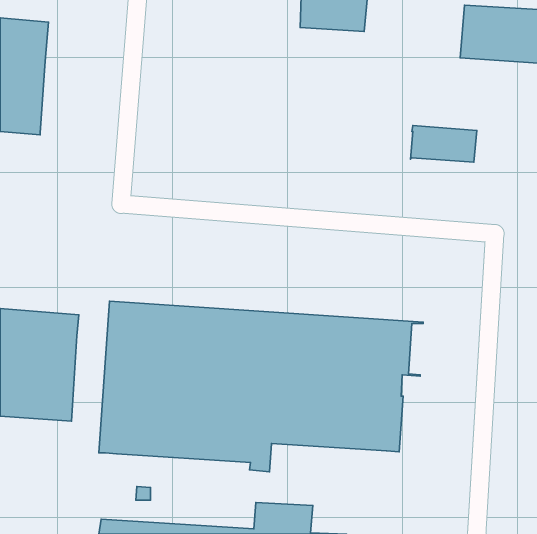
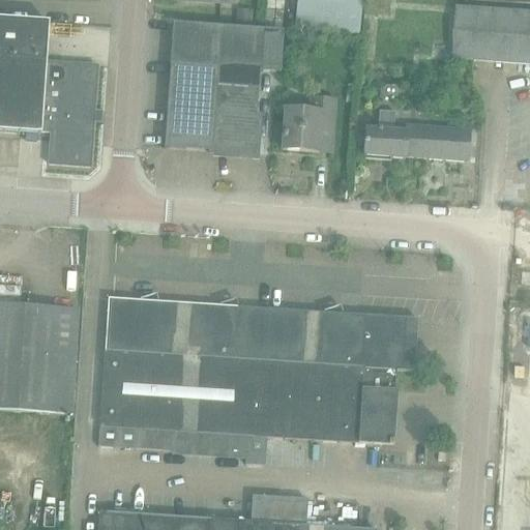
building: none -> [165,21,284,152]
building: none -> [40,60,97,165]
building: none -> [283,96,334,150]
building: none -> [364,109,407,156]

